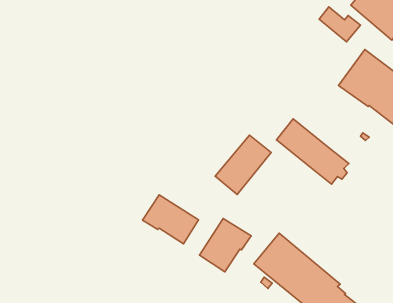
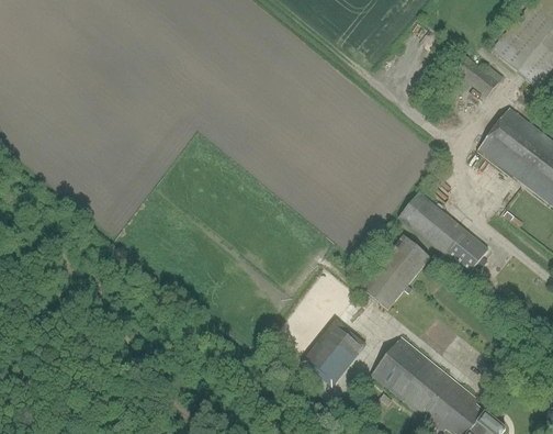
building: [215,135,271,195] -> [360,235,430,310]
building: [142,195,198,244] -> none

